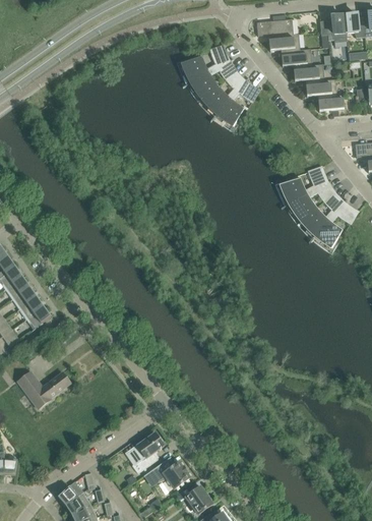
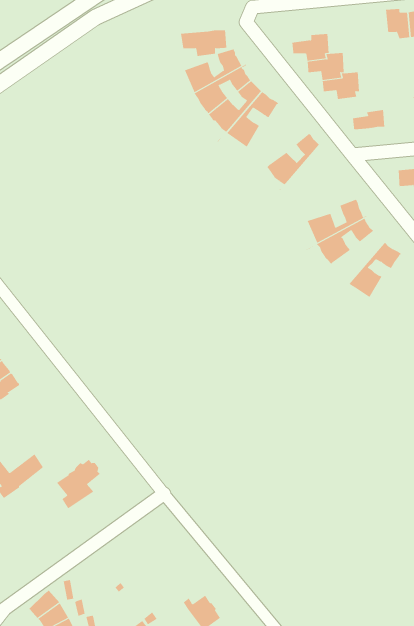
building: [325,14,346,42] -> none
building: [255,19,298,41] -> [180,30,233,56]
building: [305,79,335,102] -> none
building: [300,192,346,242] -> [266,133,323,195]
building: [127,432,163,473] -> [56,459,101,509]
building: [149,456,189,488] -> none

